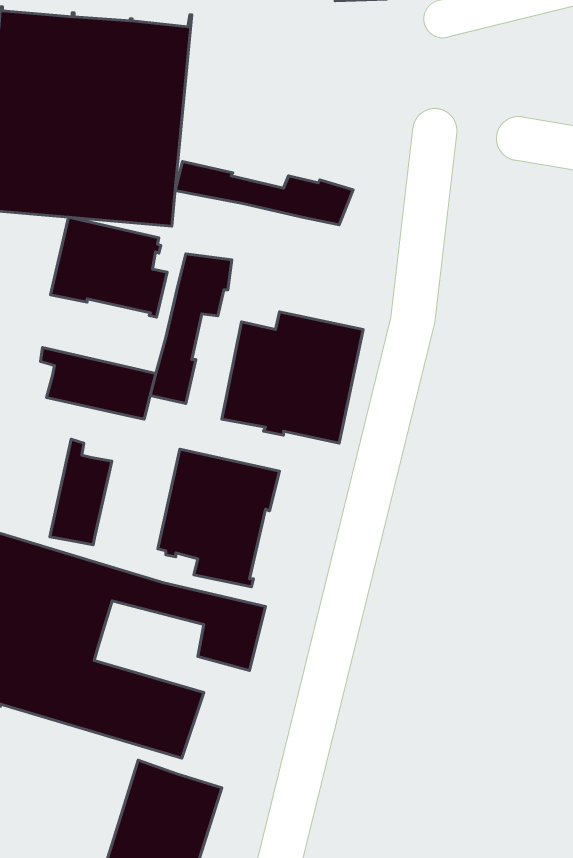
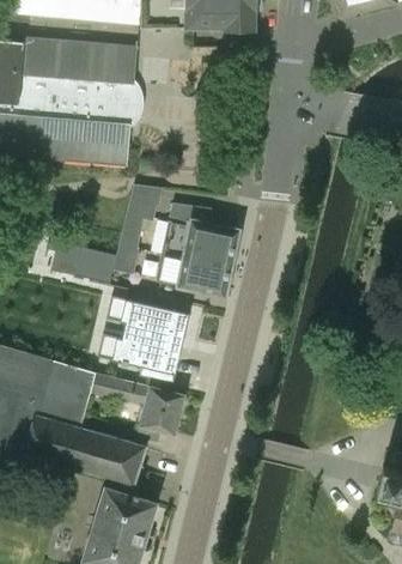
building: [175,161,353,225] -> none
building: [51,217,167,317] -> none
building: [50,439,112,545] -> none

